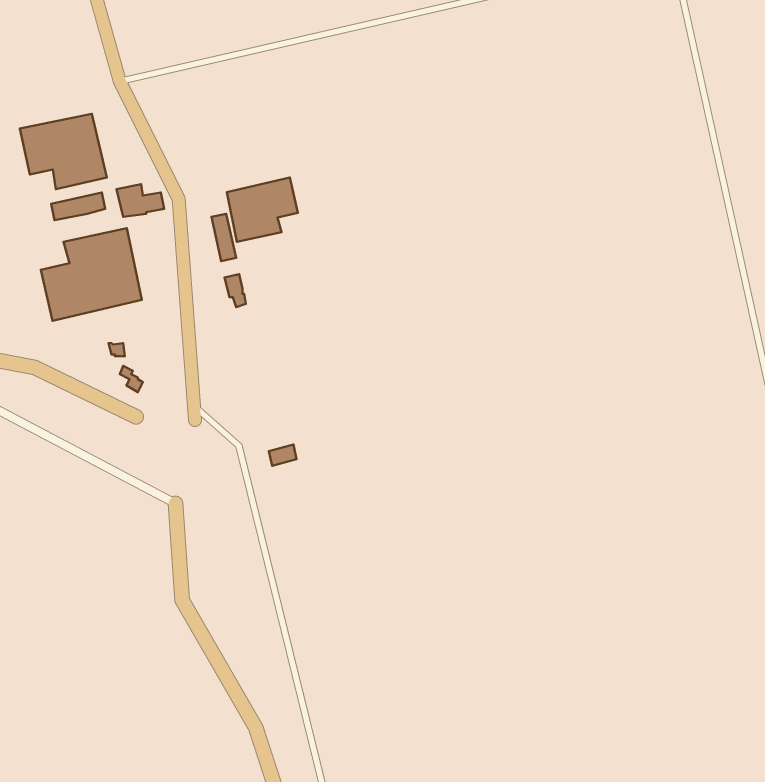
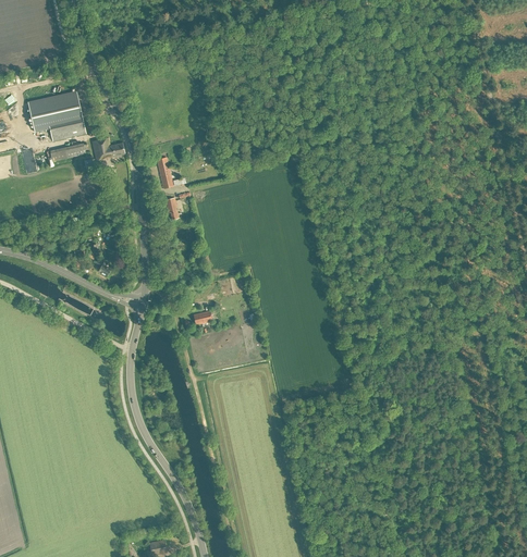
building: [227,178,298,242] -> none
building: [41,228,142,321] -> none

